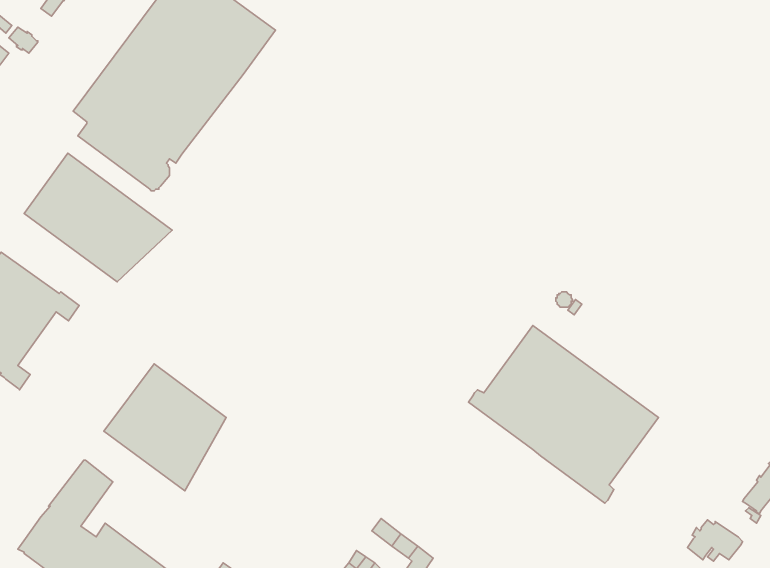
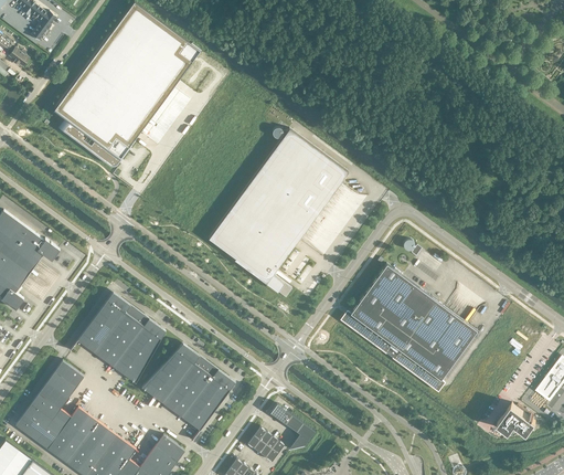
building: none -> [207,129,347,297]
building: [24,153,172,282] -> none
building: none -> [140,344,234,430]

